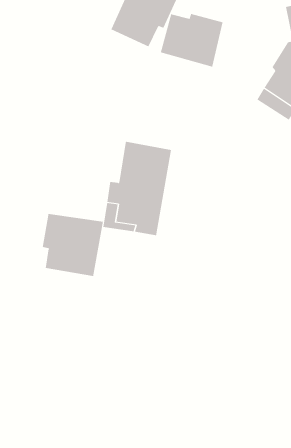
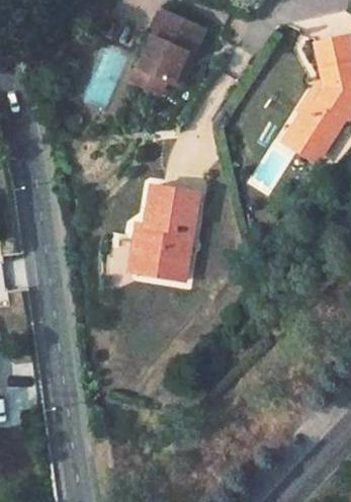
building: [160,13,223,67] -> none
building: [42,213,104,277] -> none

